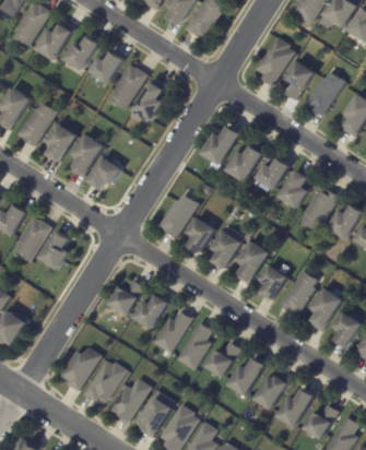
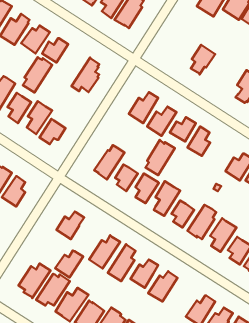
building: [256,37,295,87] -> none
building: [110,66,149,111] -> [23,57,52,93]
building: [304,71,343,117] -> none
building: [302,185,340,230] -> [146,140,175,175]
building: [133,294,169,329] -> [55,250,83,277]
building: [255,371,290,410] -> none

